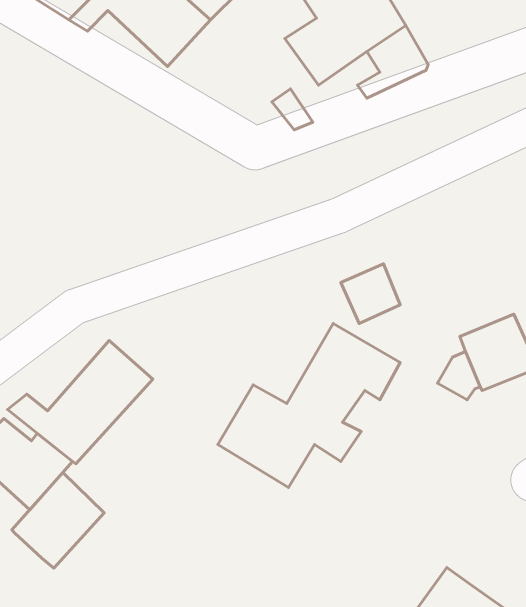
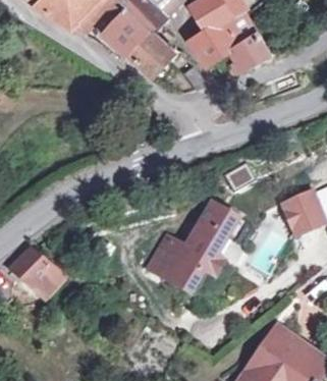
building: none -> [123,30,170,77]
building: [8,341,153,464] -> none
building: [12,473,104,568] -> none

